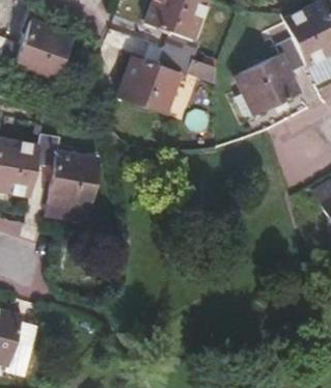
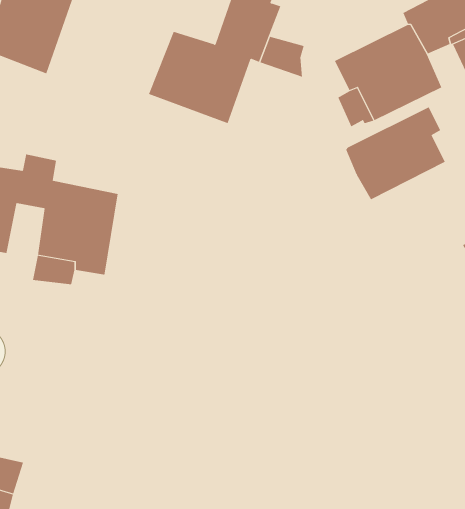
building: none -> [345,106,446,200]

